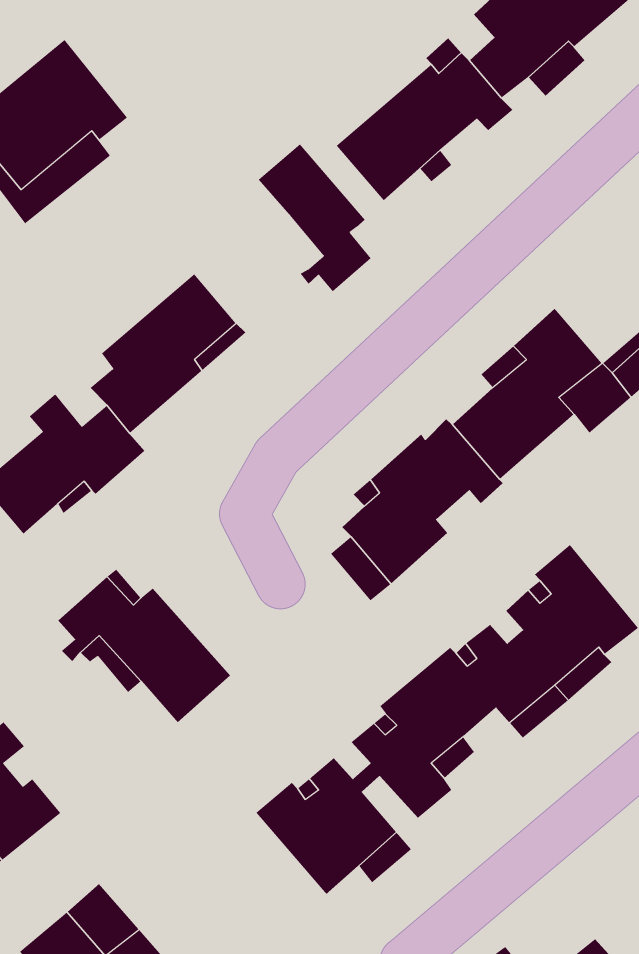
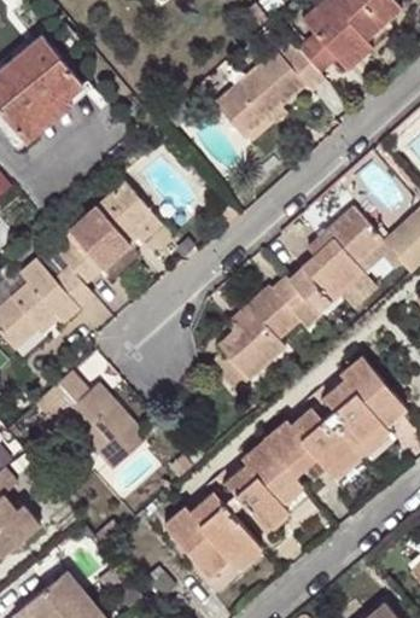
building: [258,143,372,292] -> none

